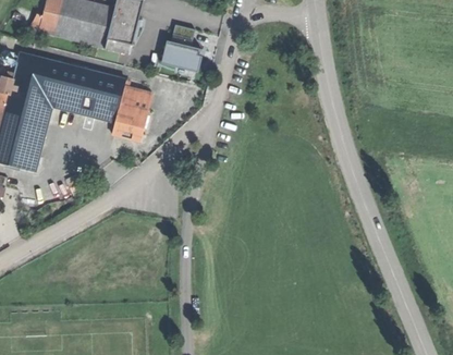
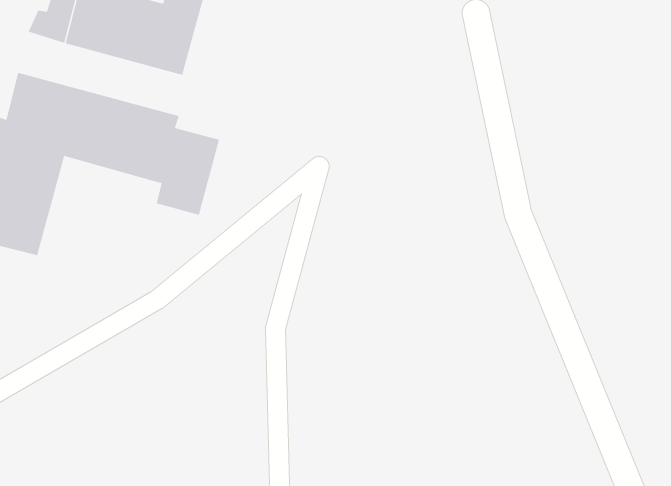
building: [163,26,201,70] -> none

